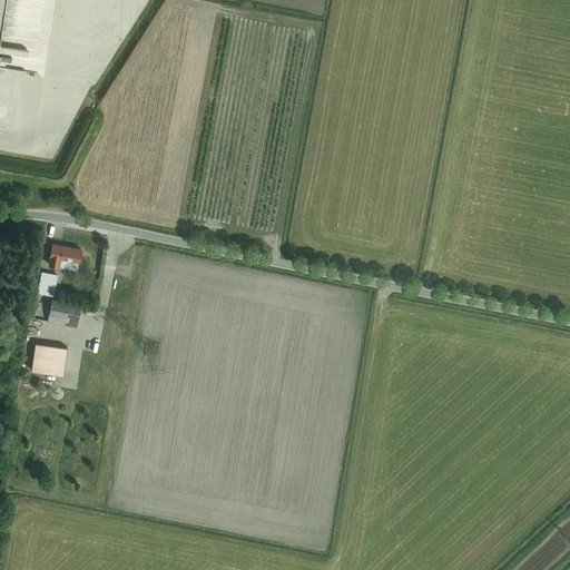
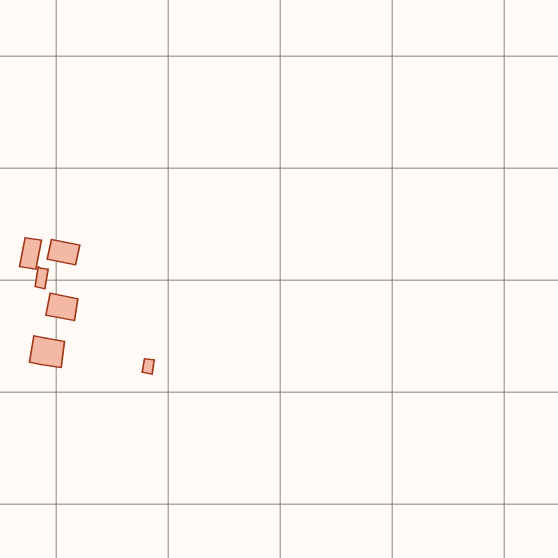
building: none -> [20,238,41,269]

